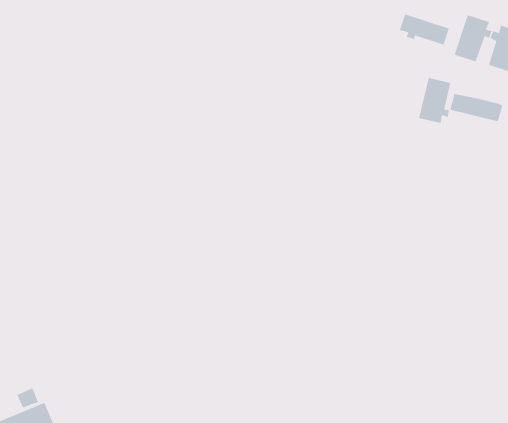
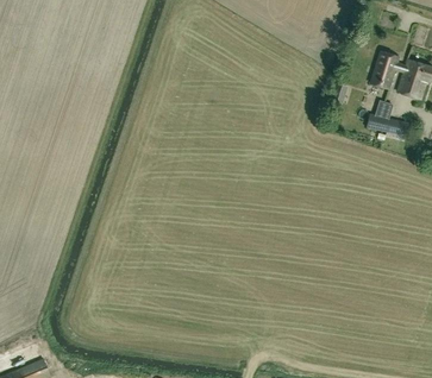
building: [399,13,449,45] -> none
building: [418,77,451,124] -> none

